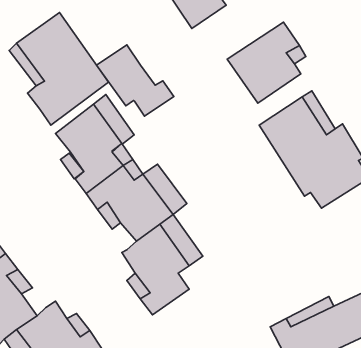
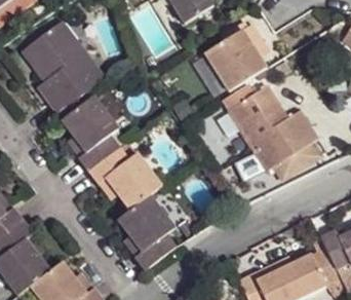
building: [96,45,174,116] -> none

